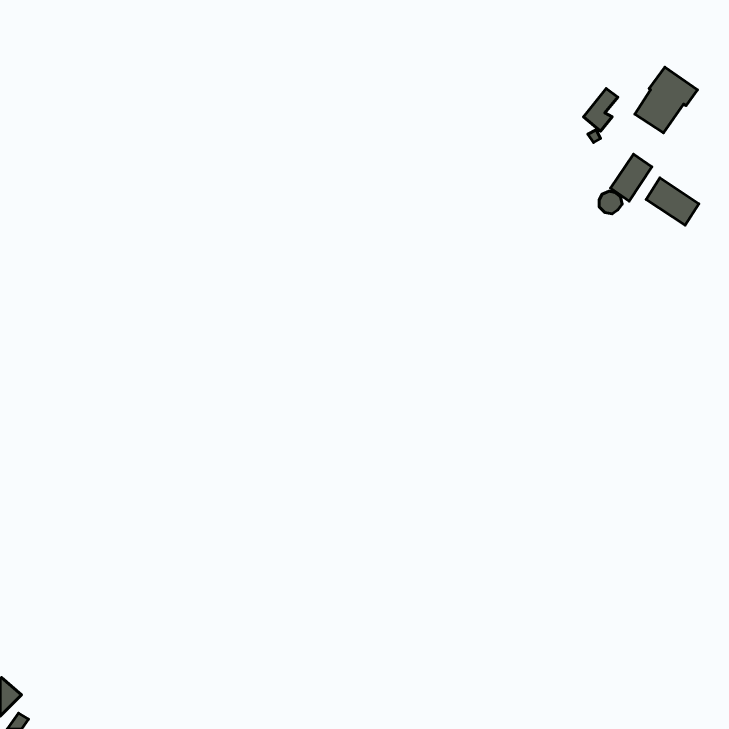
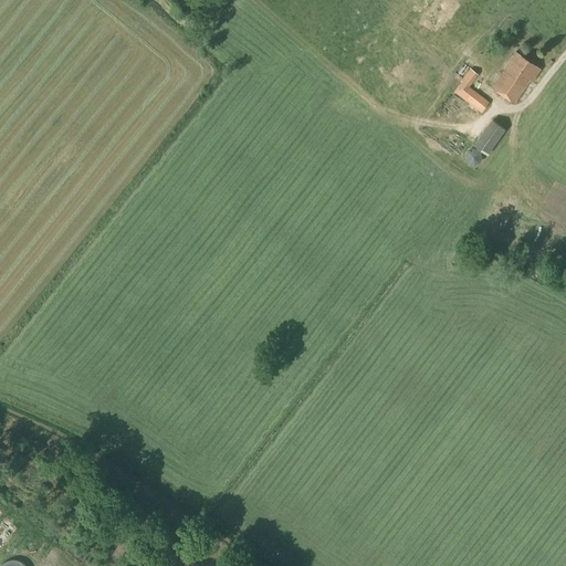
building: [646,178,699,225] -> none

